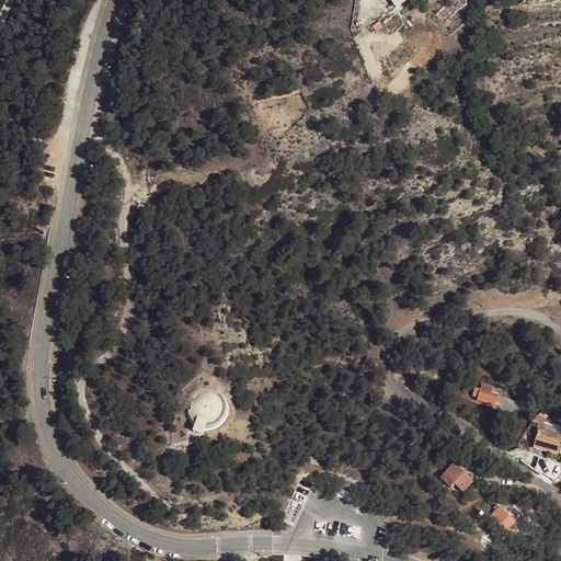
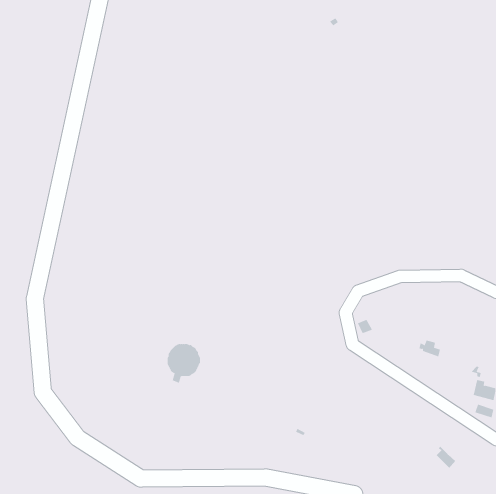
building: [442,459,477,489] -> none

